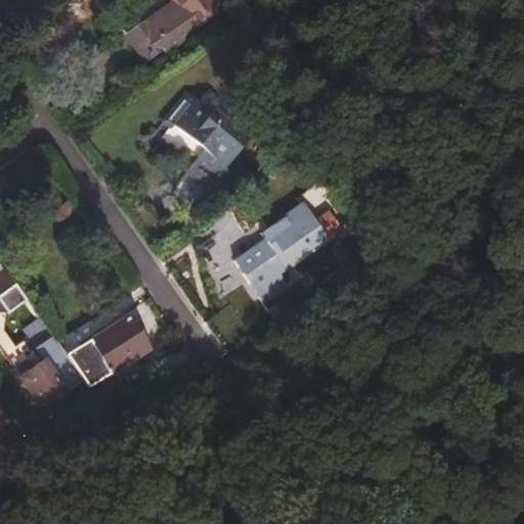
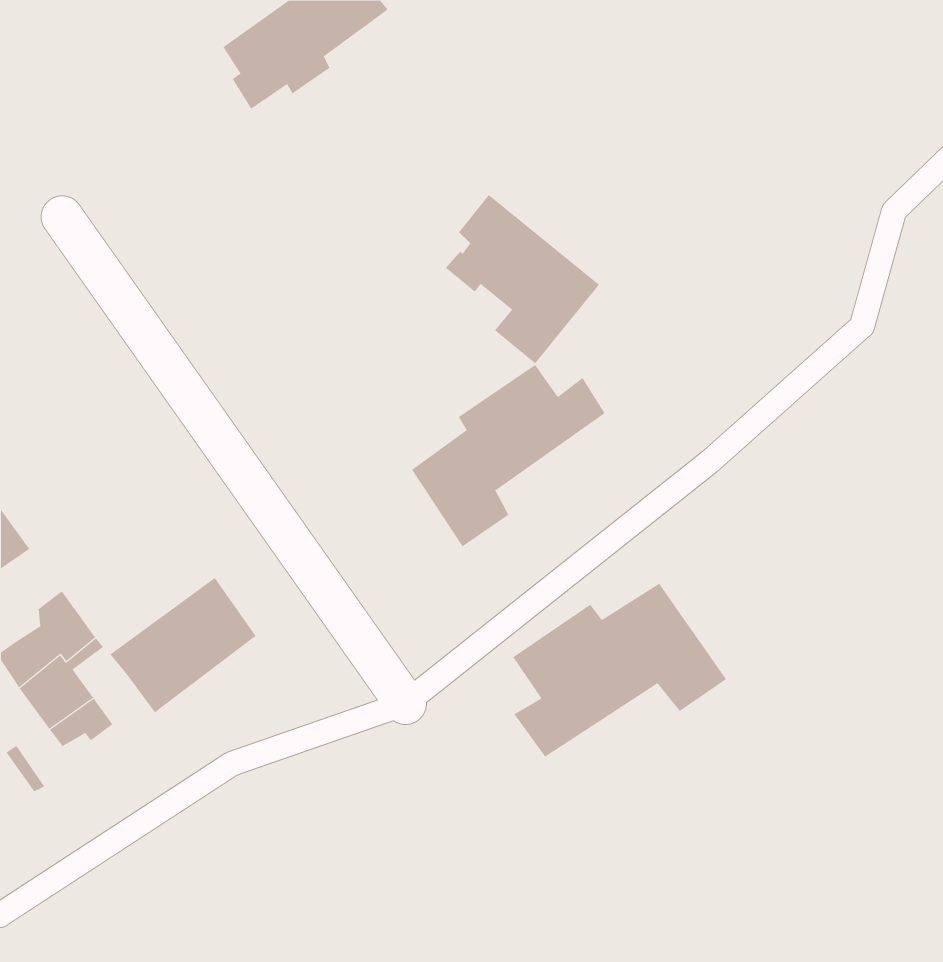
building: [161,95,245,187] -> [445,194,600,364]
building: none -> [513,583,727,758]

